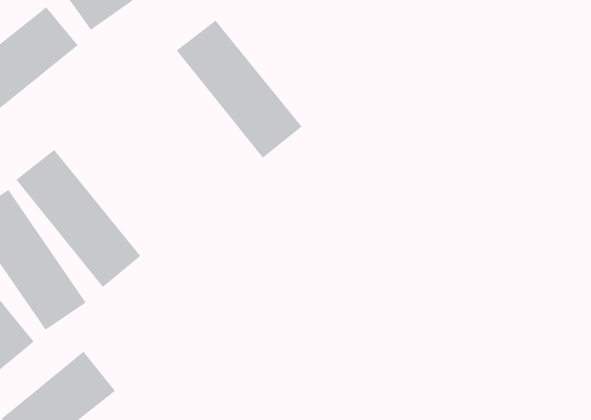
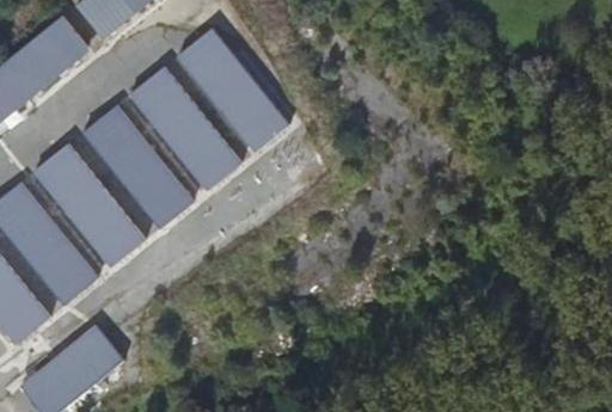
building: none -> [129,67,241,190]
building: none -> [82,103,195,229]

